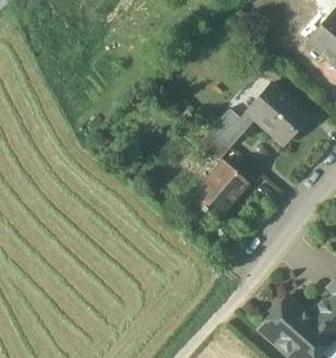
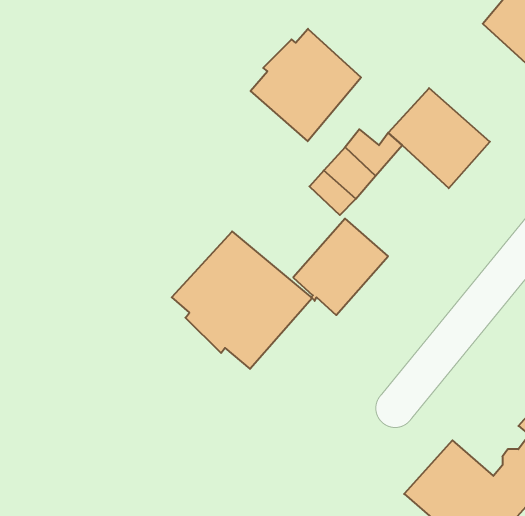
building: none -> [251,29,361,141]
building: none -> [172,231,312,369]

